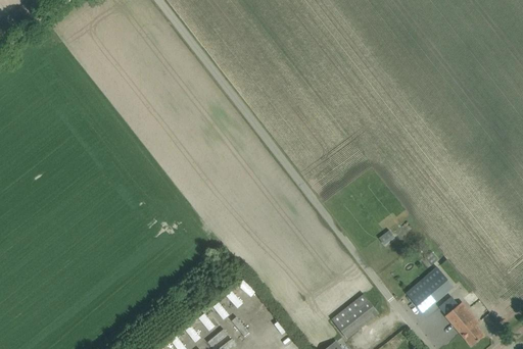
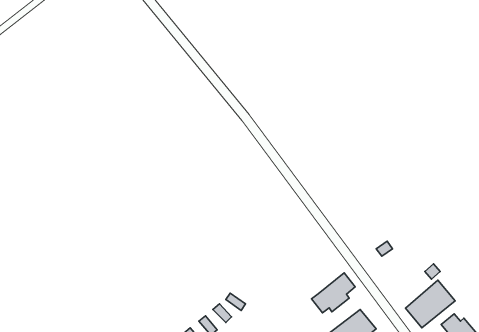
building: none -> [312,273,355,313]

